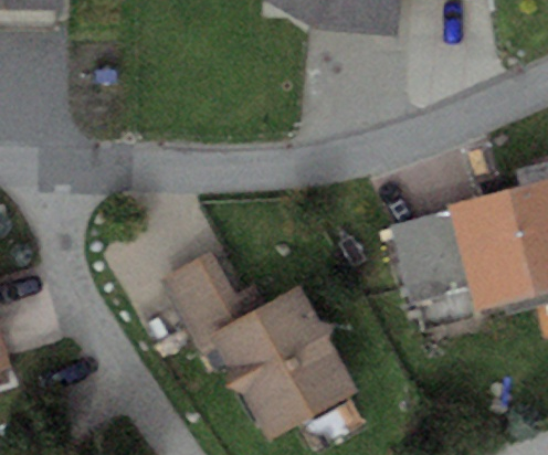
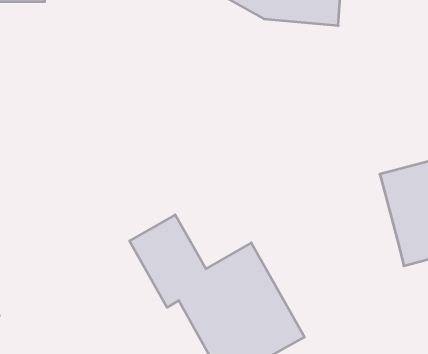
building: [391,212,468,301] -> none

